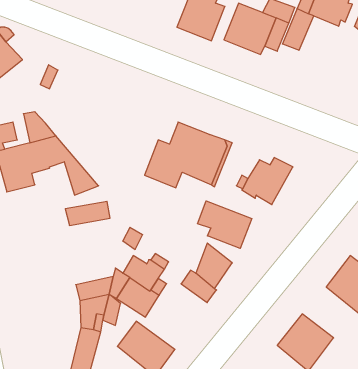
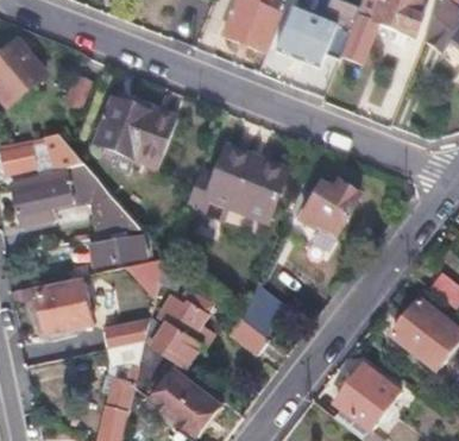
building: none -> [95,95,178,166]
building: [197,201,252,248] -> none
building: none -> [40,279,94,333]

